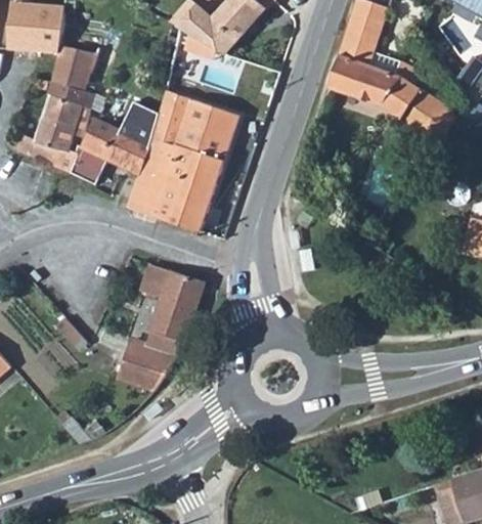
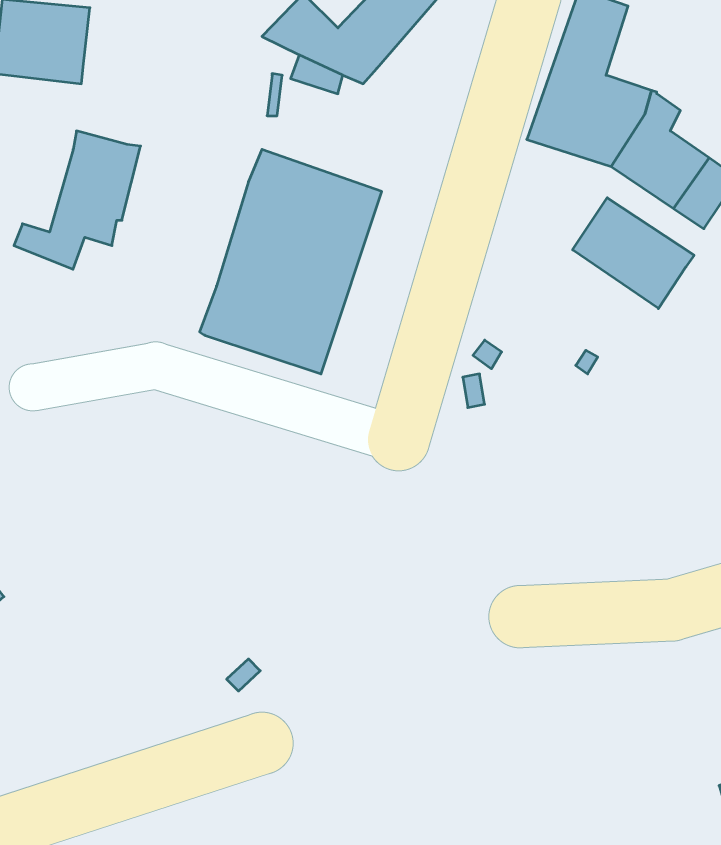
building: [53,42,97,89] -> none
building: [51,103,158,184] -> none
building: none -> [573,198,694,309]
building: [121,263,203,389] -> none

